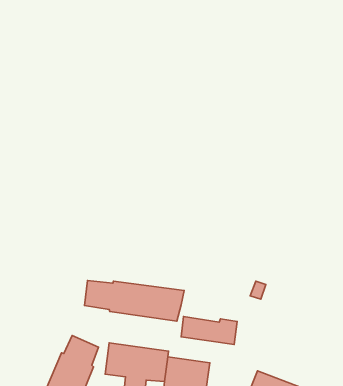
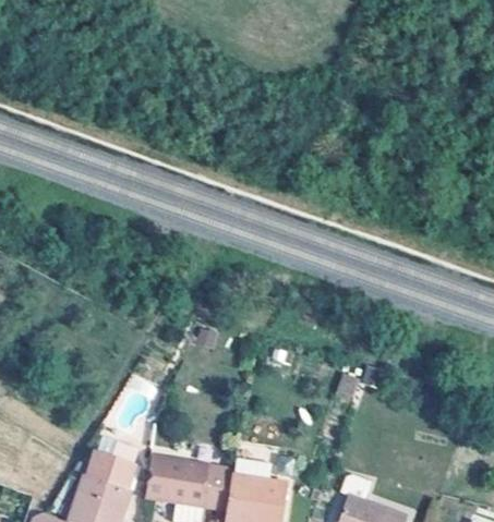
building: [85,280,184,321] -> none
building: [181,317,237,344] -> none

